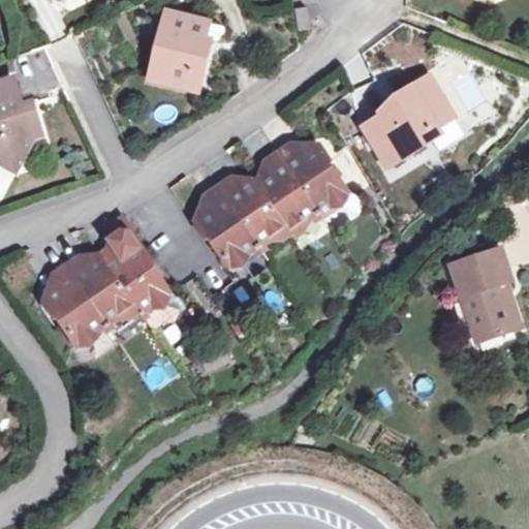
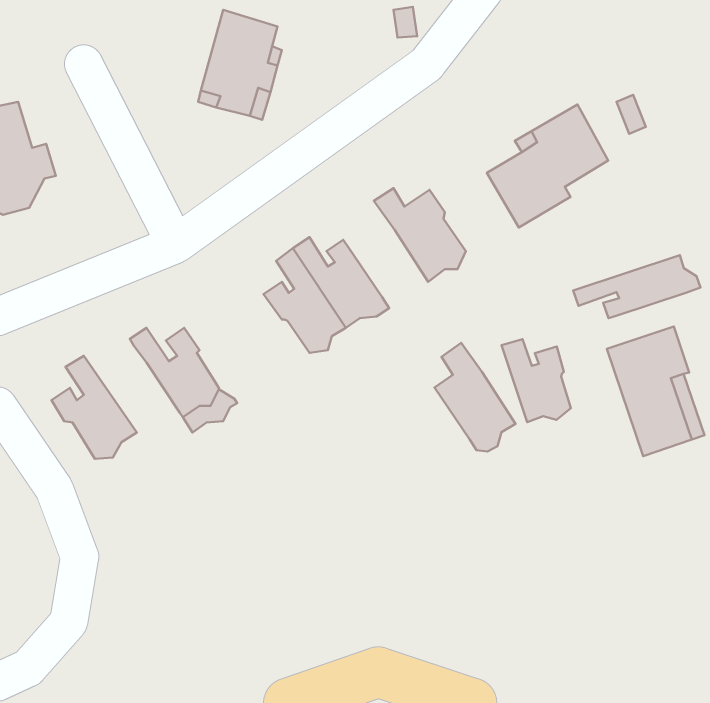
building: [257,149,317,229] -> [435,343,516,452]
building: none -> [573,255,700,318]
building: none -> [502,339,571,422]
building: [62,254,133,320] -> none

